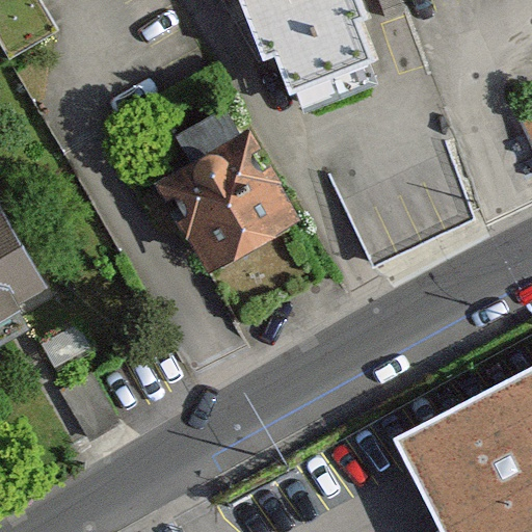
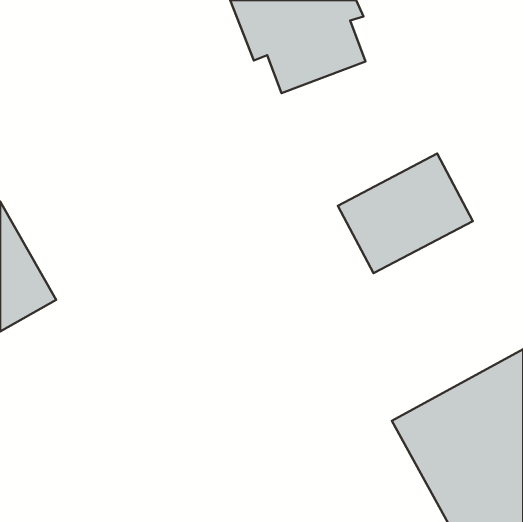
building: [143,95,300,280] -> none

